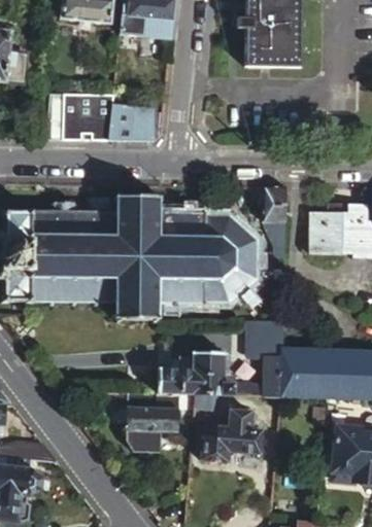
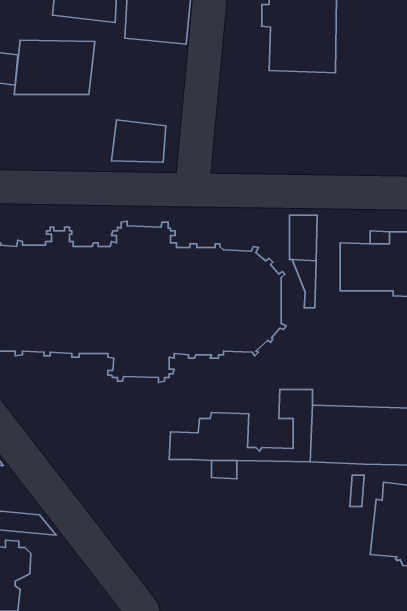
building: [45,93,114,139] -> [14,40,95,94]
building: [125,393,178,448] -> none
building: [200,411,263,468] -> none

